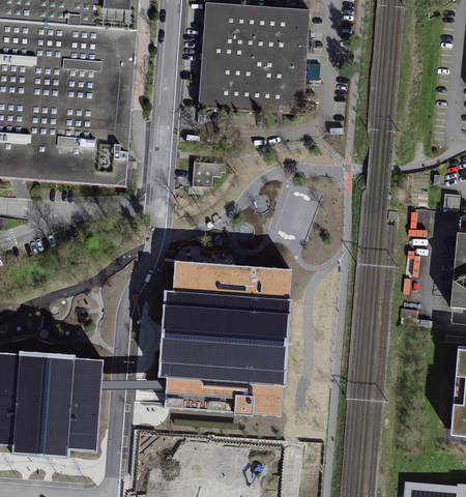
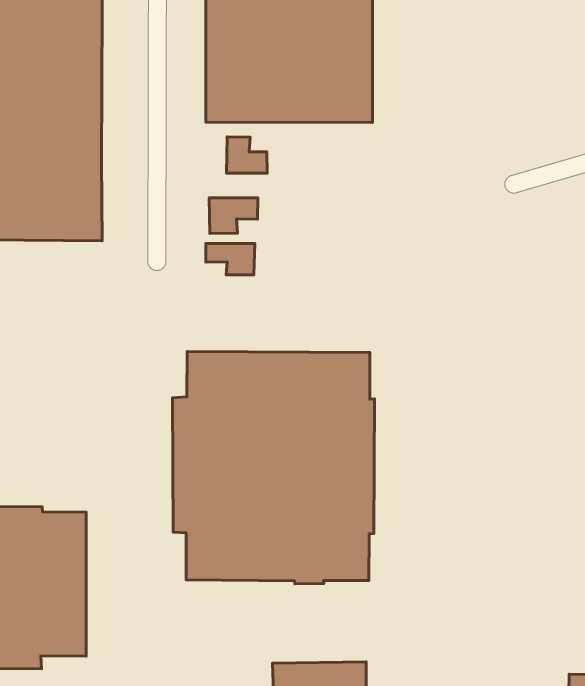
building: none -> [227,137,267,173]
building: none -> [206,244,255,275]

